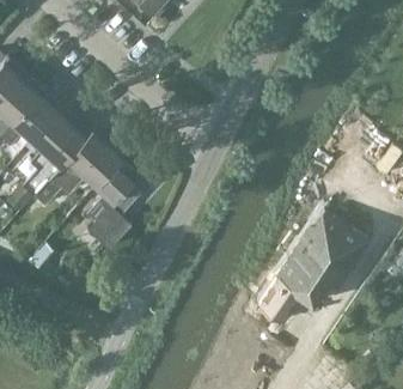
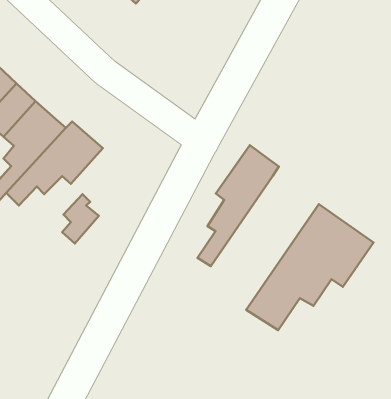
building: none -> [197,145,279,266]
building: [94,151,144,201] -> none

